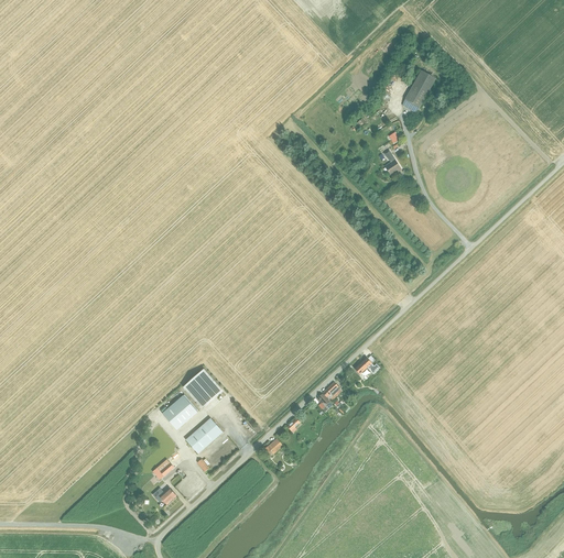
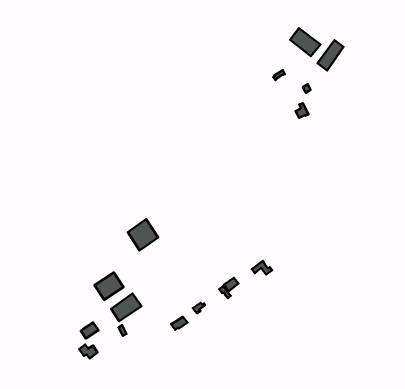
building: none -> [290,28,320,56]
building: [183,369,221,408] -> [128,219,158,250]

